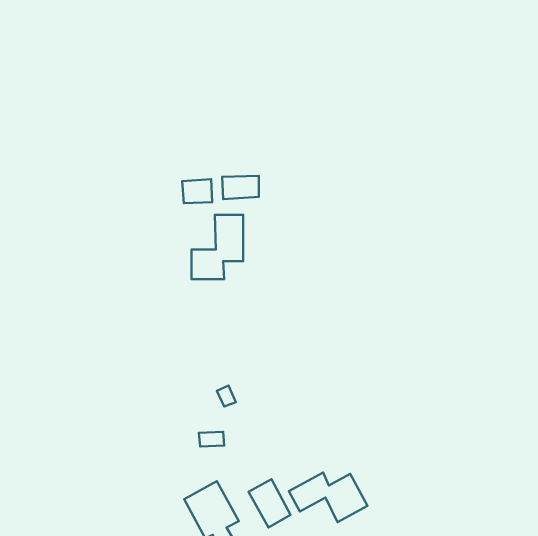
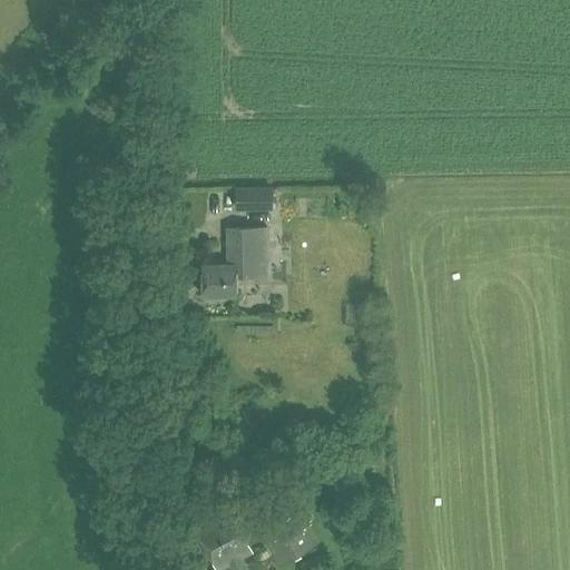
building: [182,179,212,203] -> none
building: [289,472,367,522] -> none

